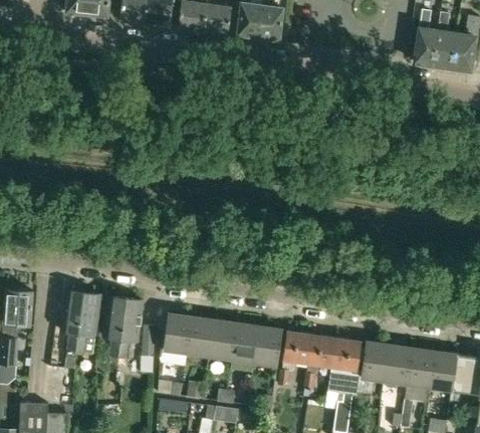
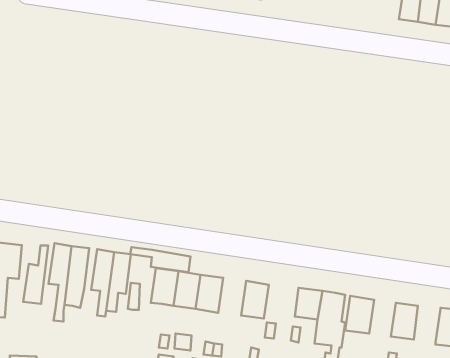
building: none -> [23,245,48,304]
building: none -> [130,247,191,272]
building: [231,323,259,362] -> none
building: [283,330,312,363] -> none
building: [384,346,411,383] -> none
building: [429,352,456,389] -> none

